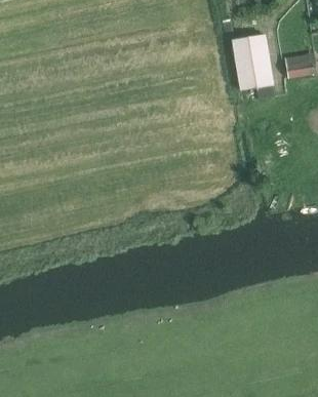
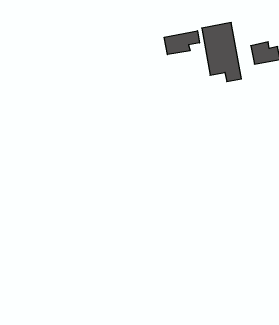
building: none -> [164,31,199,55]

